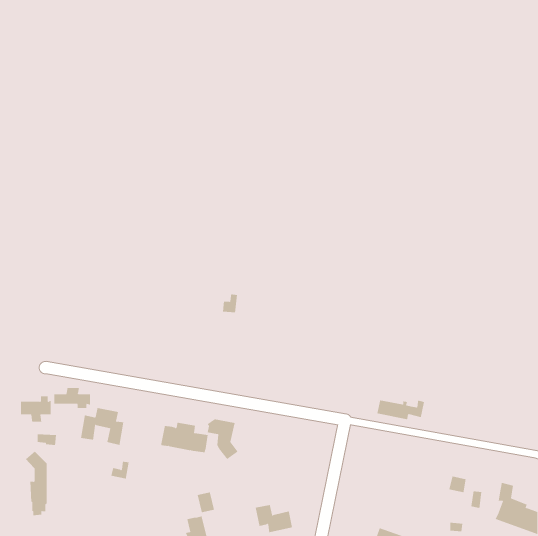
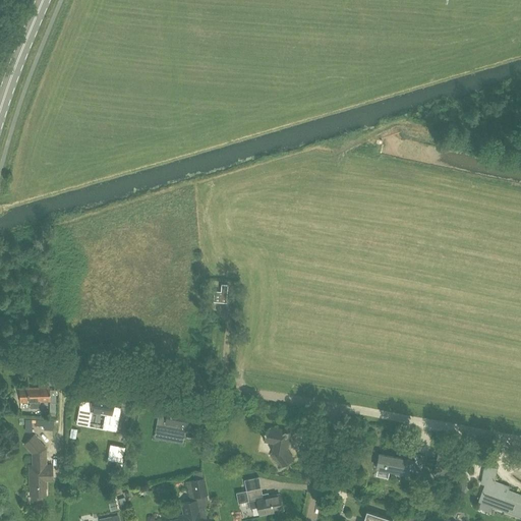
building: [54,387,91,409] -> none
building: [376,400,425,420] -> [377,456,423,475]
building: [207,419,239,460] -> [264,428,294,468]

